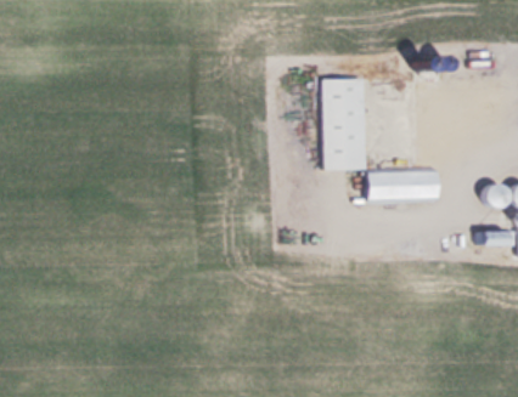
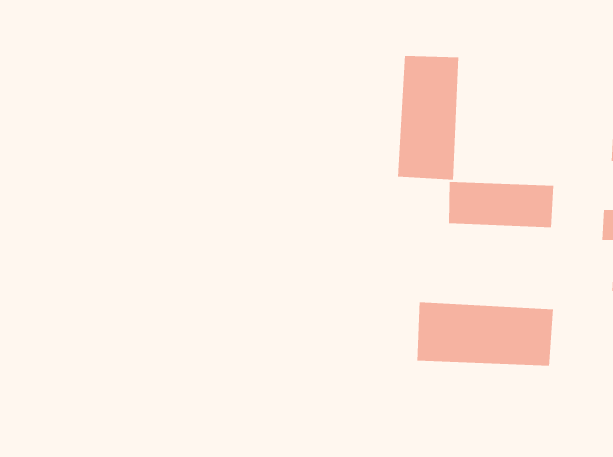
building: none -> [417,302,553,366]

